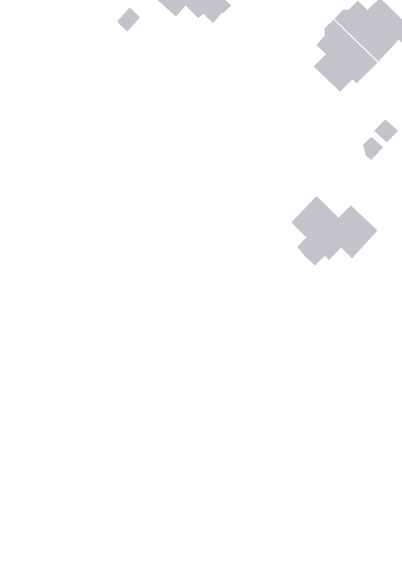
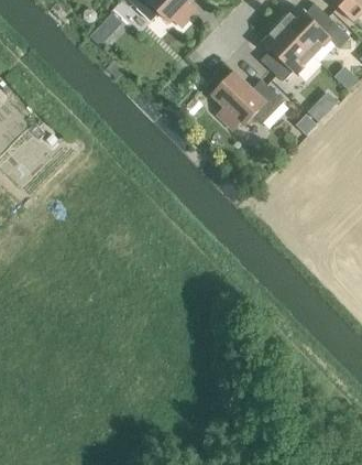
building: [291,195,378,266] -> [212,72,283,129]

